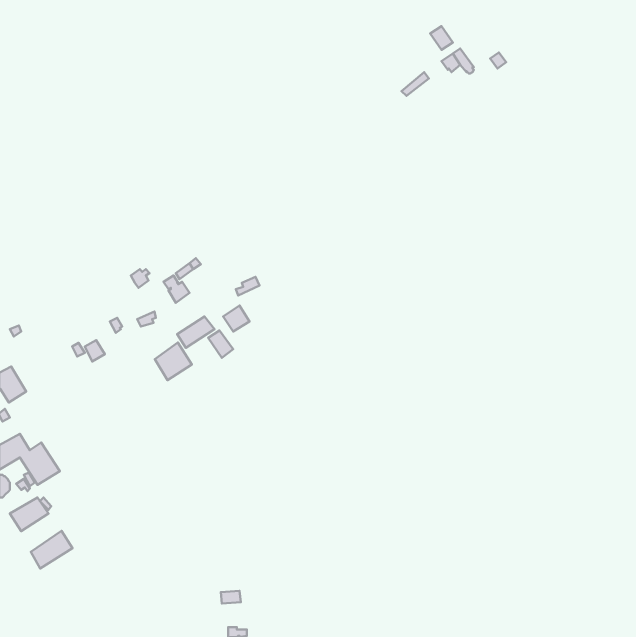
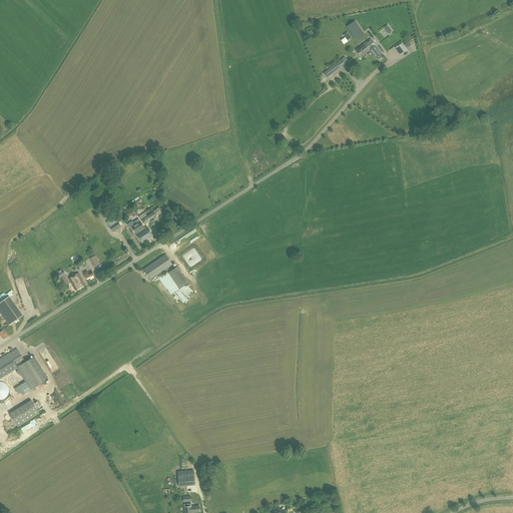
building: [155,343,192,380] -> none
building: [31,531,72,569] -> none

